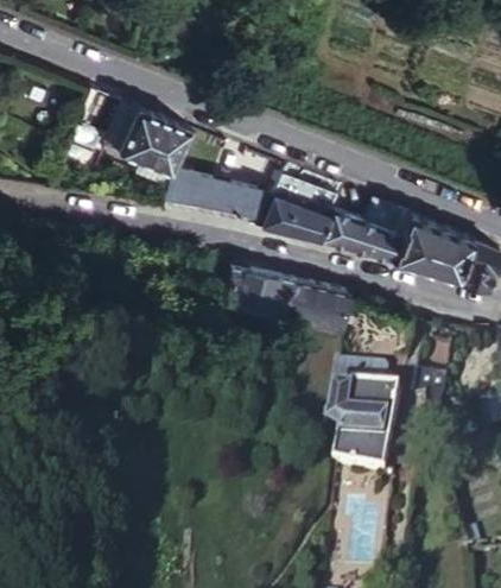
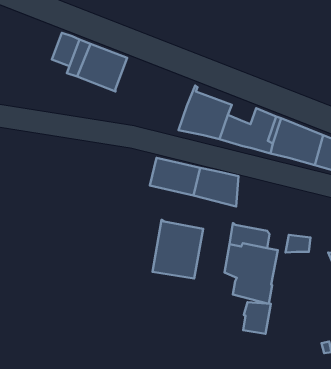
building: [161,170,272,228] -> none
building: none -> [152,220,203,278]
building: none -> [243,302,271,334]

